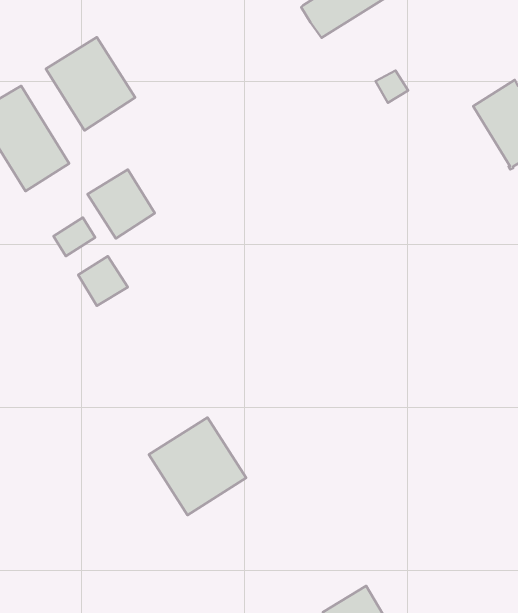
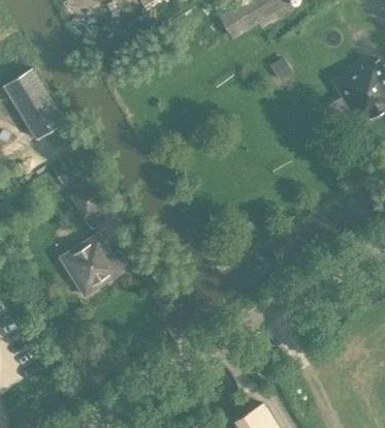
building: [46,37,135,131] -> none
building: [88,169,155,239] -> none
building: [149,418,246,515] -> [59,232,124,297]

